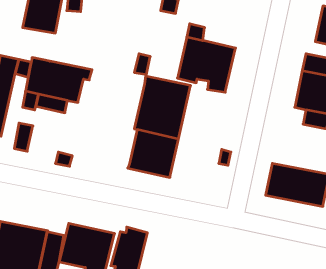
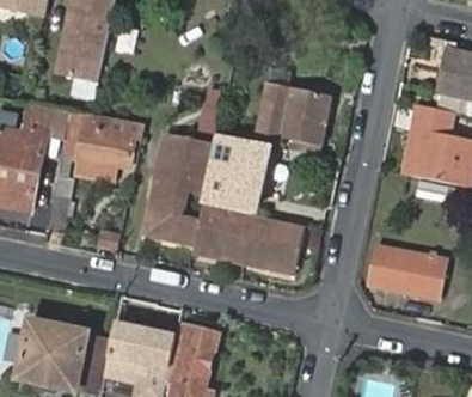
building: none -> [142,133,213,245]
building: none -> [245,214,304,274]

